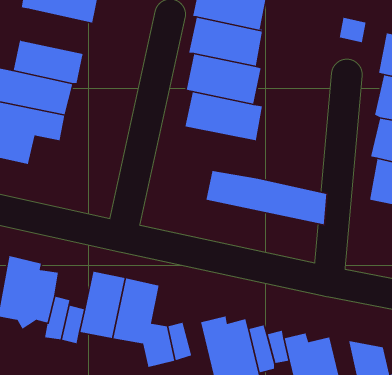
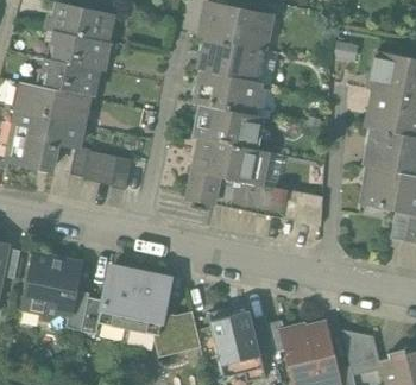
building: none -> [45,29,111,69]
building: none -> [185,137,264,202]
building: none -> [51,144,131,190]

